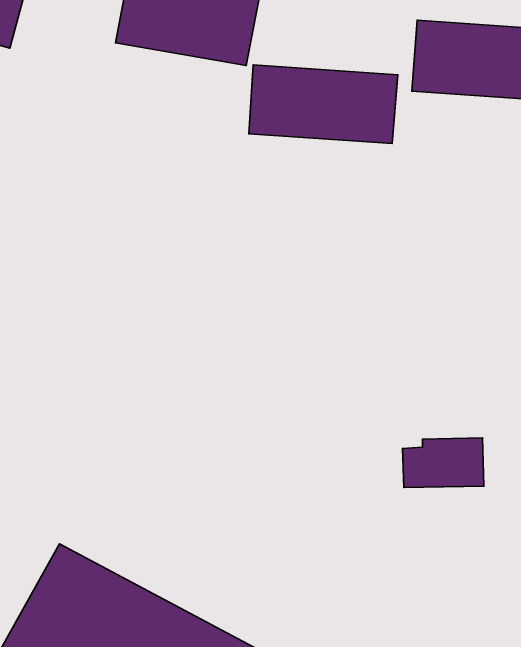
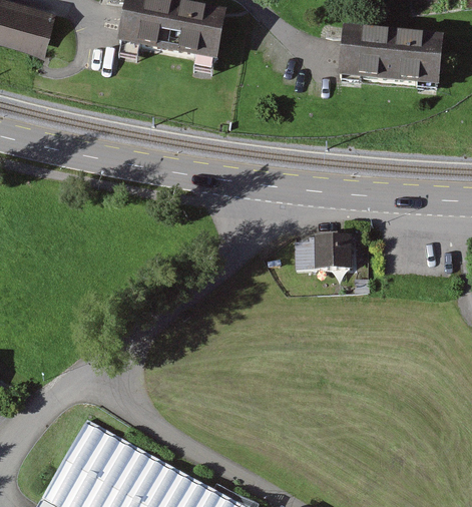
building: [249,65,398,144] -> none
building: [402,438,484,487] -> [291,233,352,271]

